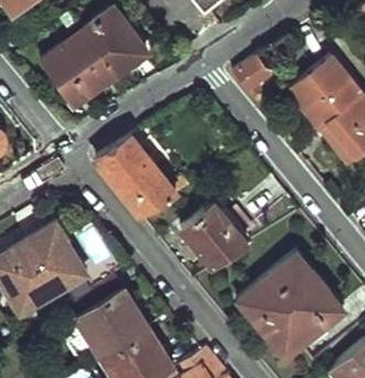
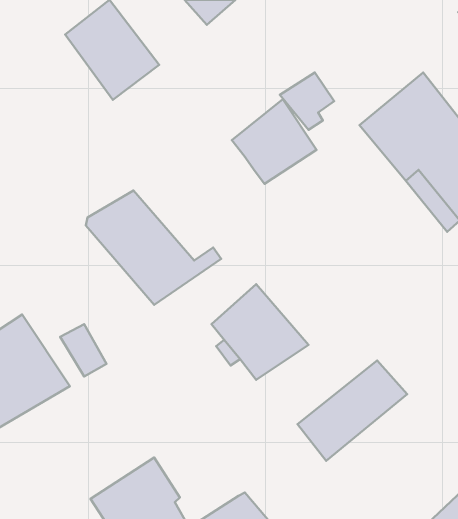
building: [43,31,115,107] -> none
building: none -> [232,99,317,184]
building: [66,278,143,353] -> none
building: [262,280,342,354] -> none

